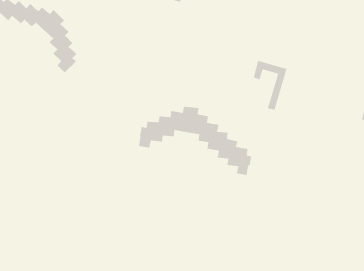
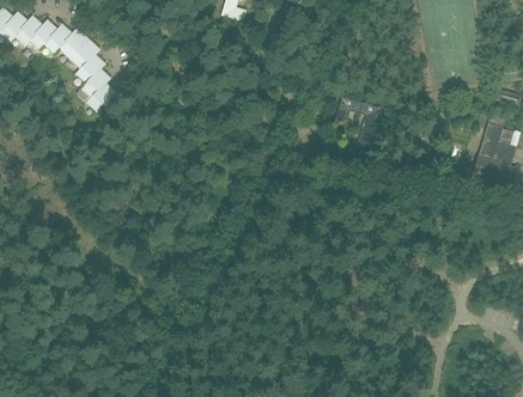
building: [138,106,252,176] -> none

